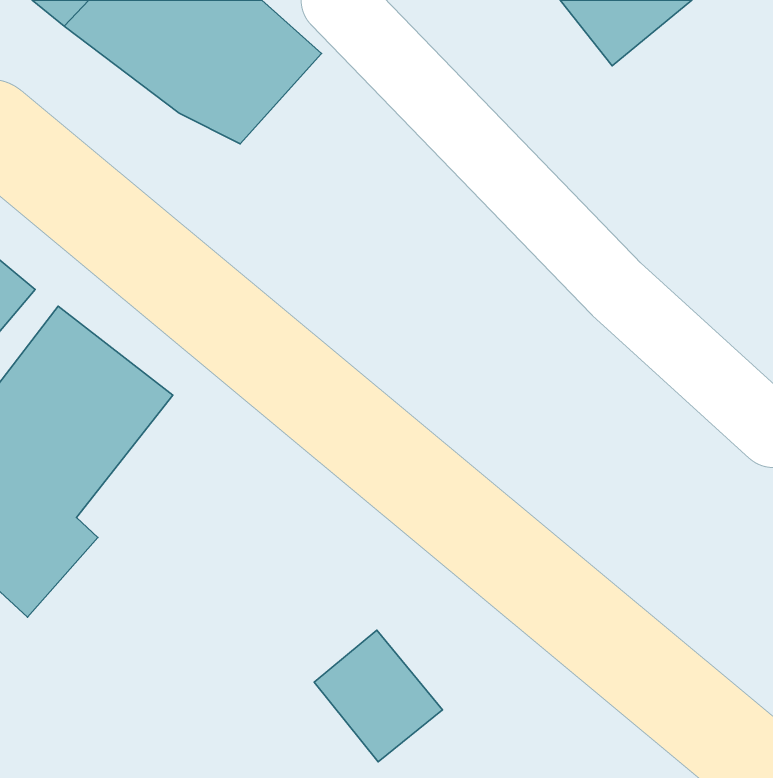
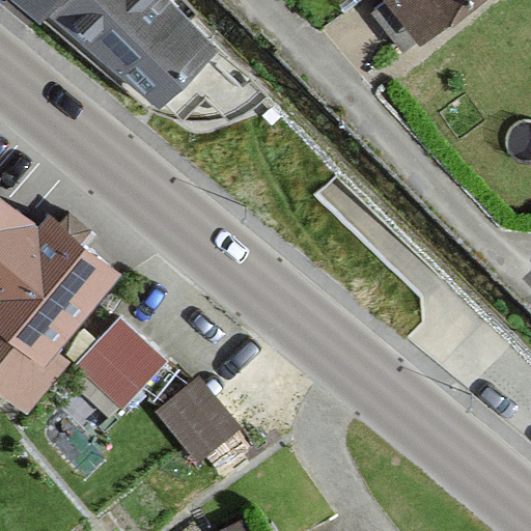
building: none -> [66,326,157,417]
building: [314,630,443,762] -> [153,363,241,452]

